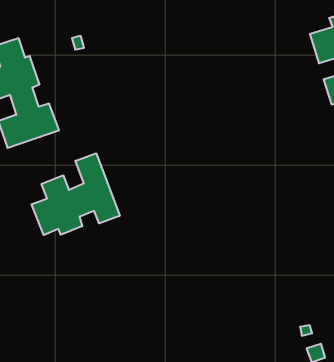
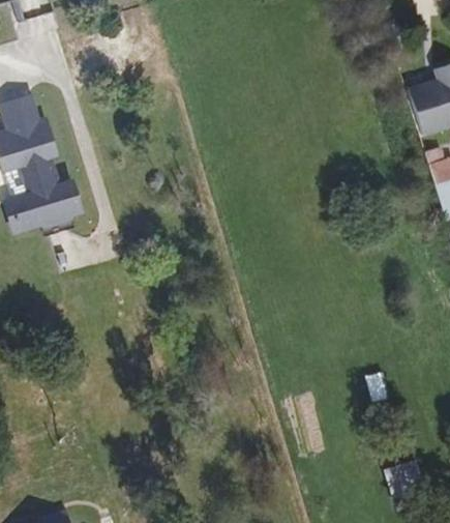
building: [32,153,120,235] -> none

